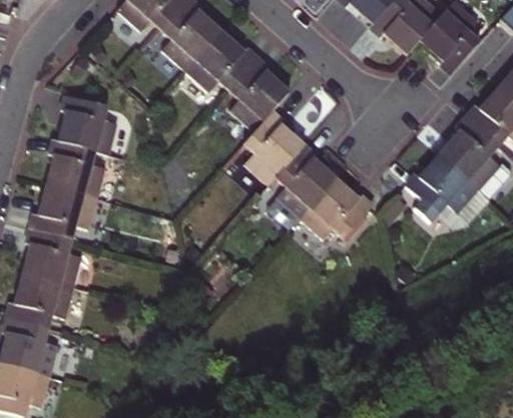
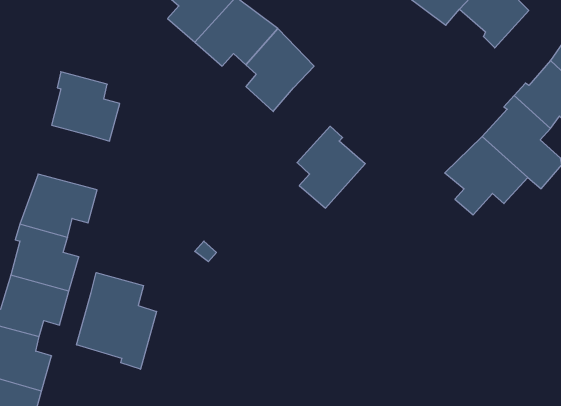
building: [242,109,304,181] -> none
building: [46,141,106,199] -> none
building: [300,176,372,238] -> none
building: none -> [77,273,157,369]

